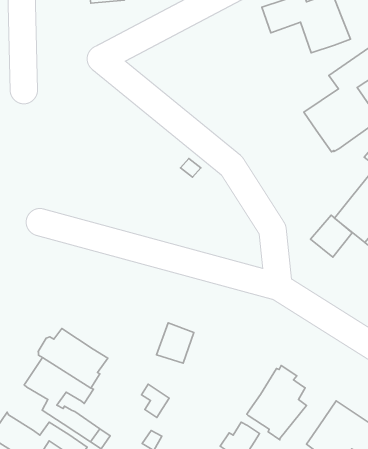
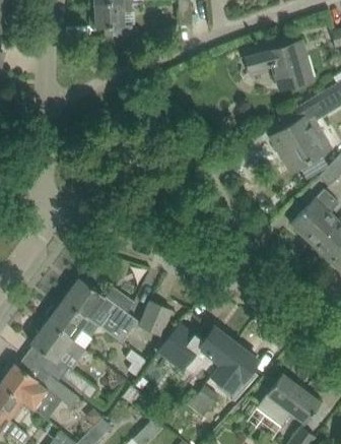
building: [310,215,352,257] -> none
building: none -> [64,277,138,342]
building: none -> [159,322,235,375]

